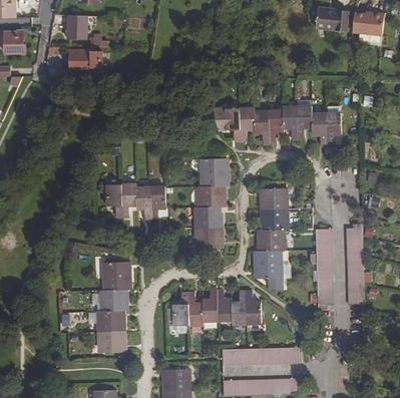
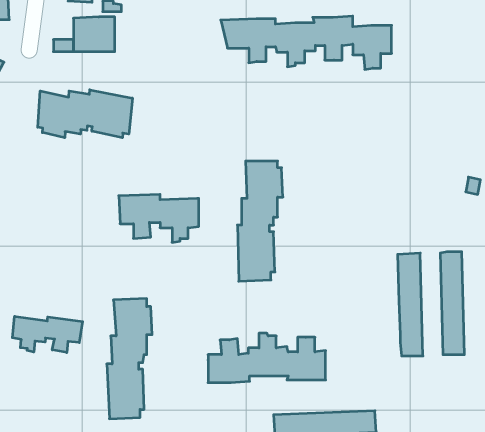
building: none -> [38,90,132,138]
building: [213,105,341,145] -> [221,16,392,69]
building: [254,187,288,287] -> none
building: none -> [12,316,83,353]

